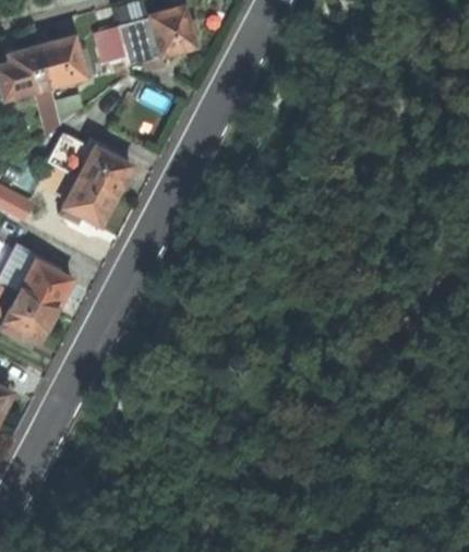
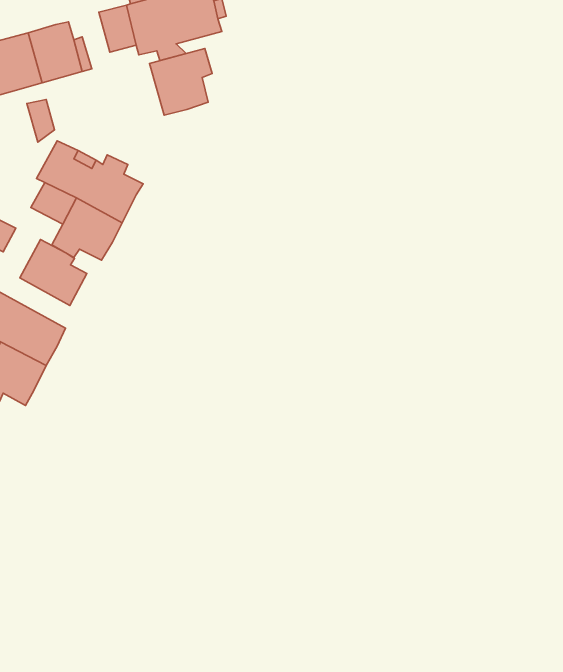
building: none -> [149,48,212,115]
building: none -> [20,240,87,305]

